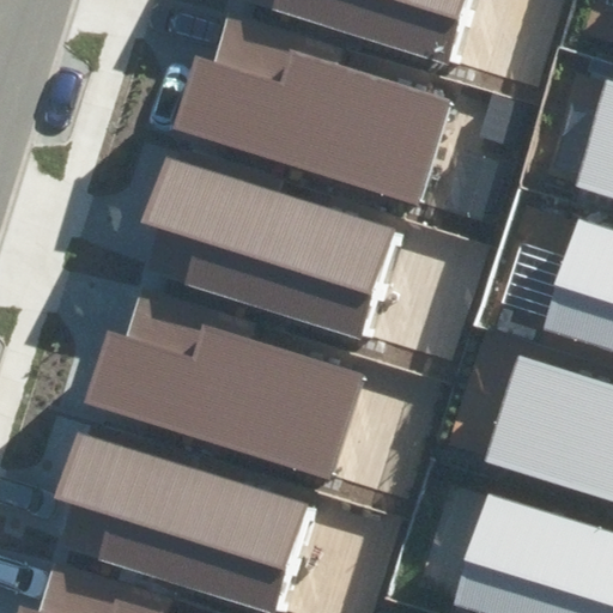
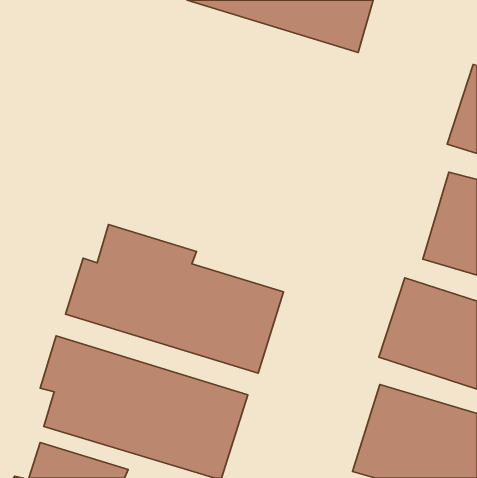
building: [174,13,453,205] -> none
building: [140,158,406,344] -> none

